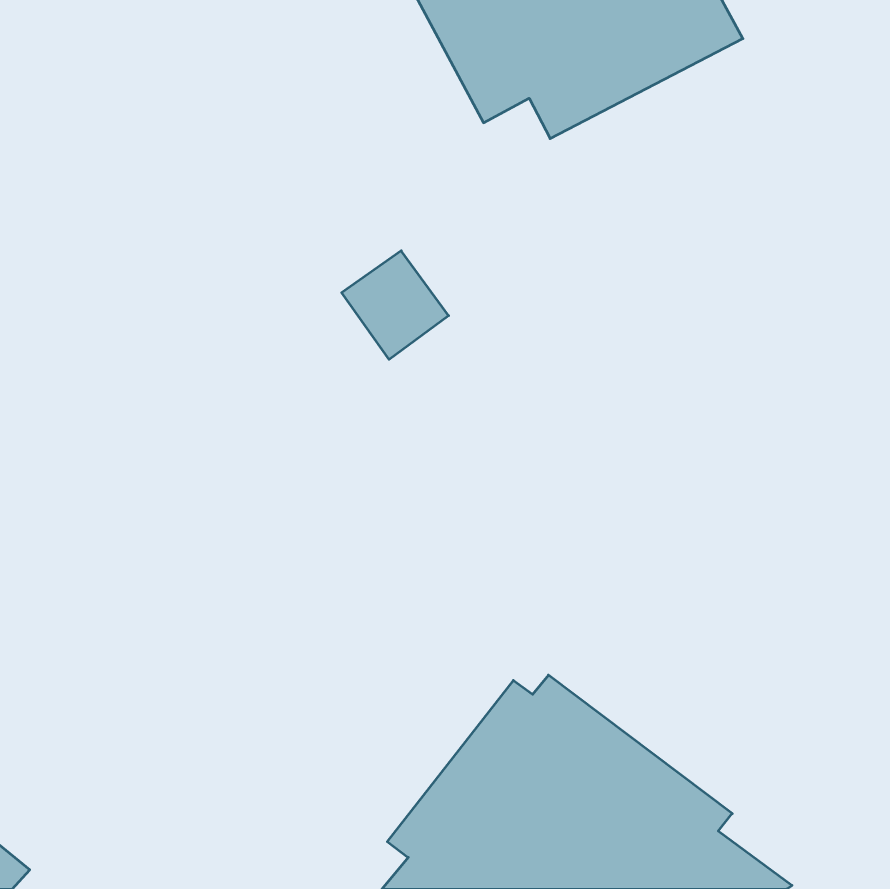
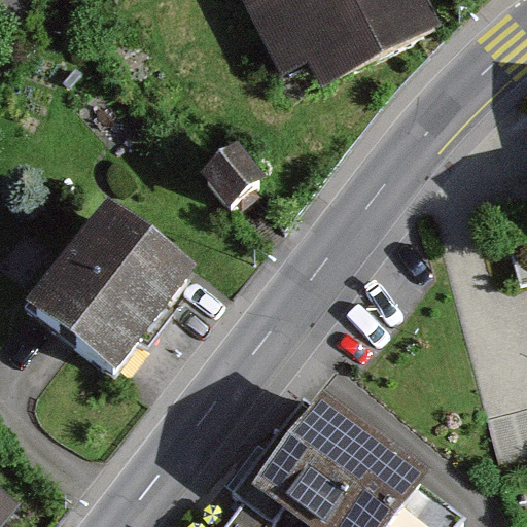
building: none -> [28,204,196,375]

